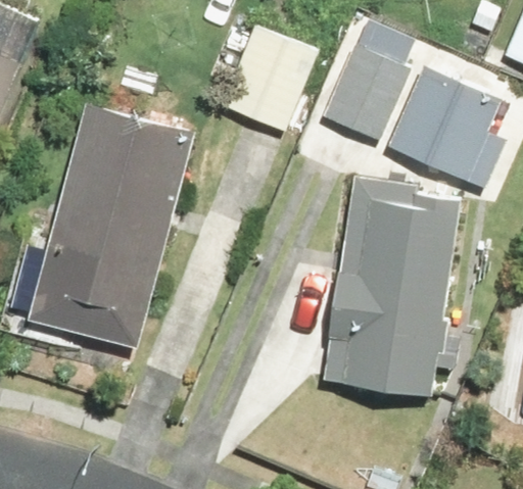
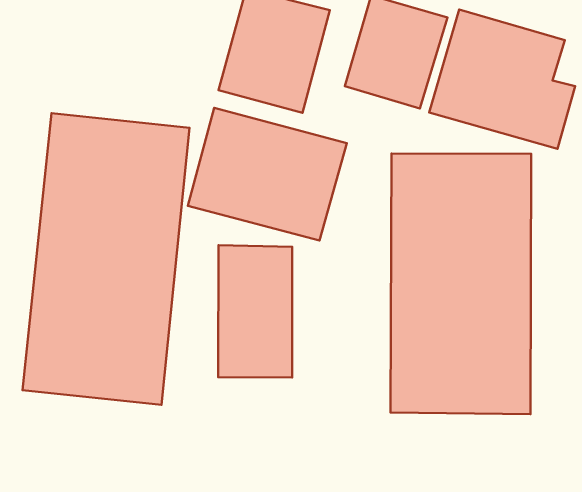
building: none -> [188,108,347,241]
building: none -> [218,245,292,377]

